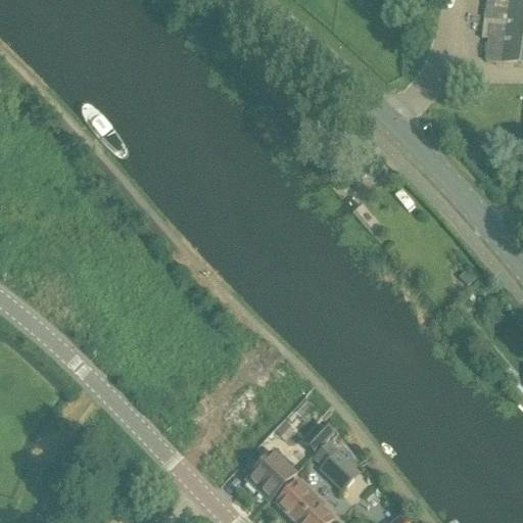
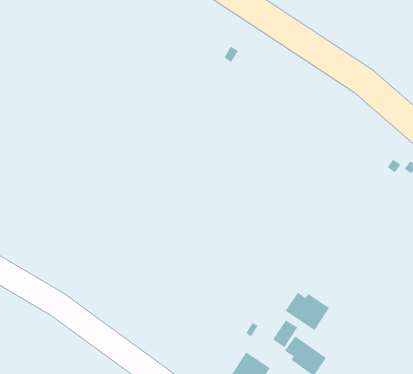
building: none -> [285,292,330,331]

